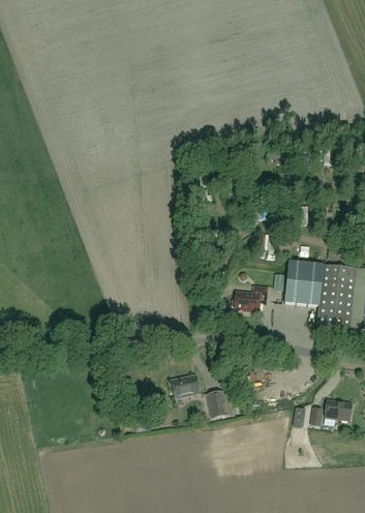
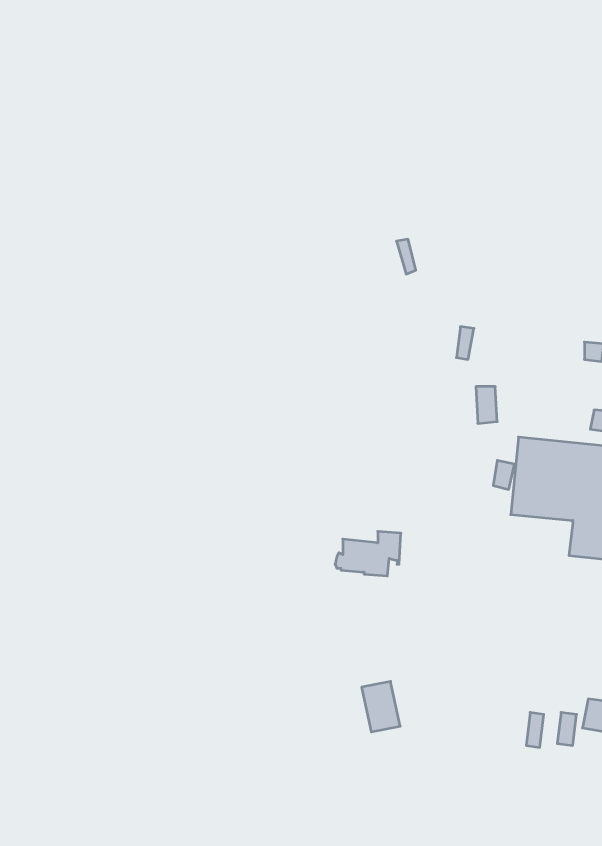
building: [231,286,266,310] -> [335,531,401,576]
building: [171,375,199,397] -> none

